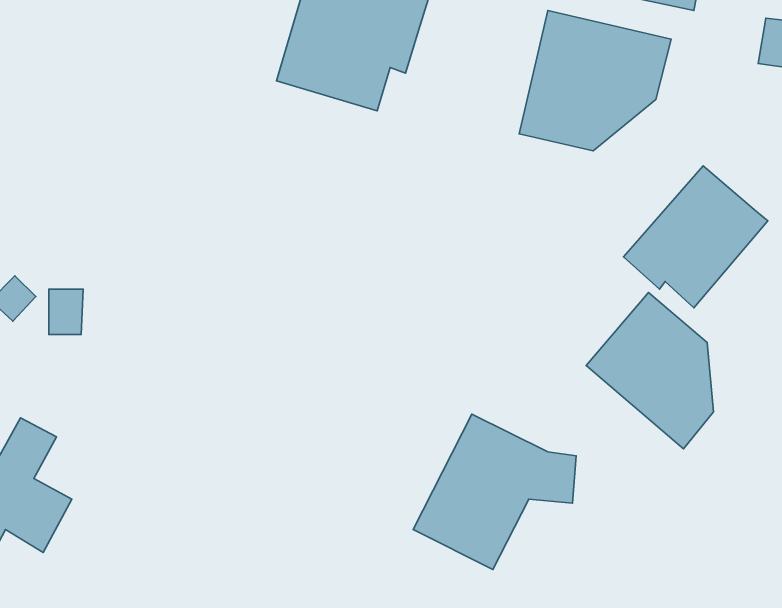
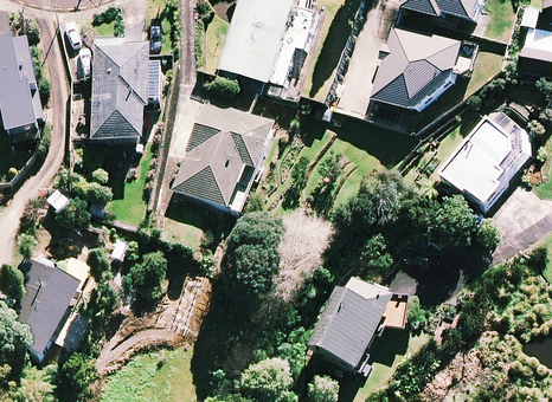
building: none -> [89,47,159,169]
building: none -> [168,99,271,214]
building: [586,292,714,449] -> none

